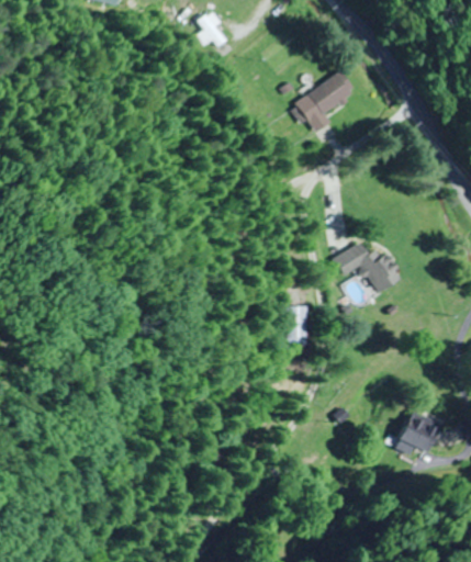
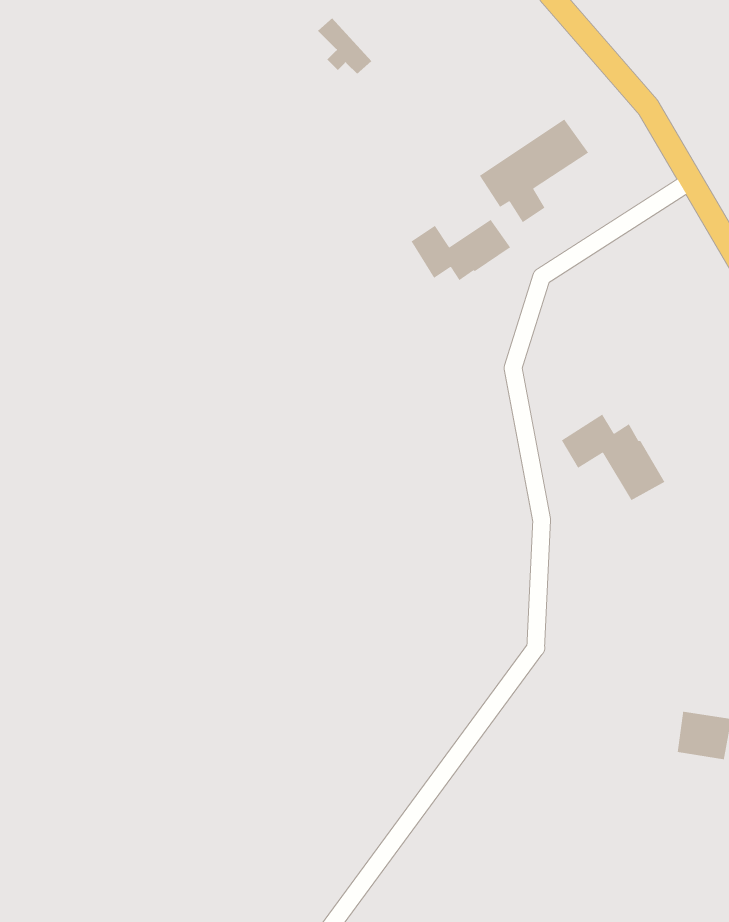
building: none -> [410,219,511,281]
building: [289,306,307,352] -> none

